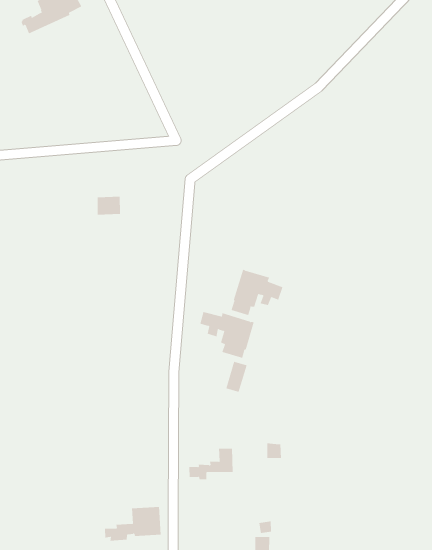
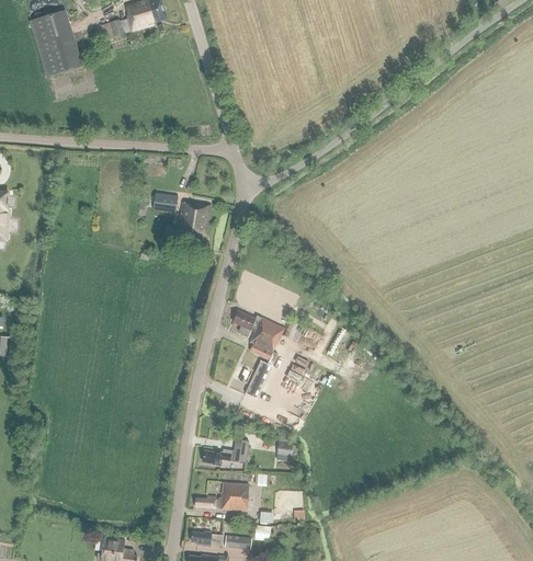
building: none -> [162,202,209,245]
building: [231,269,283,316] -> none
building: [104,506,161,541] -> [193,482,248,511]

